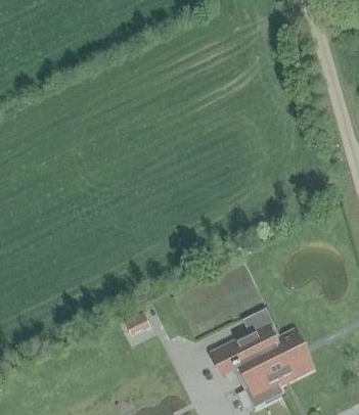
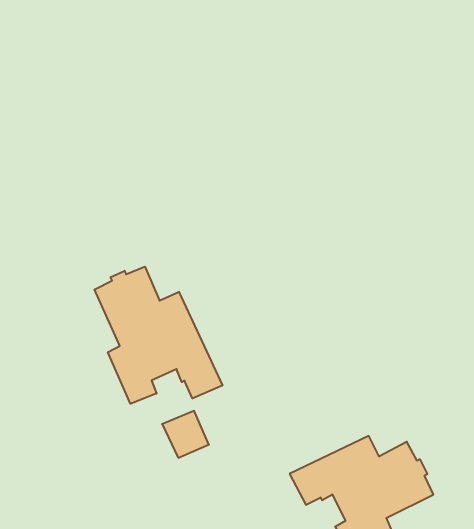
building: none -> [95,267,222,404]

